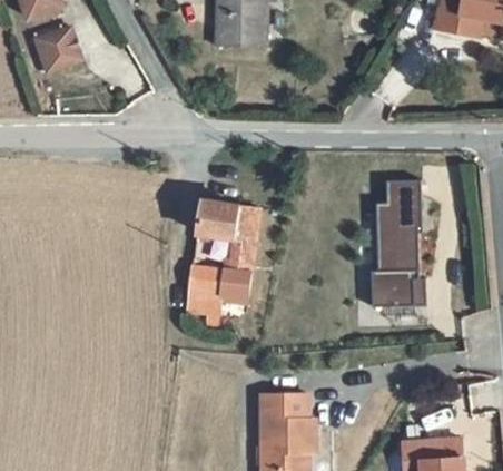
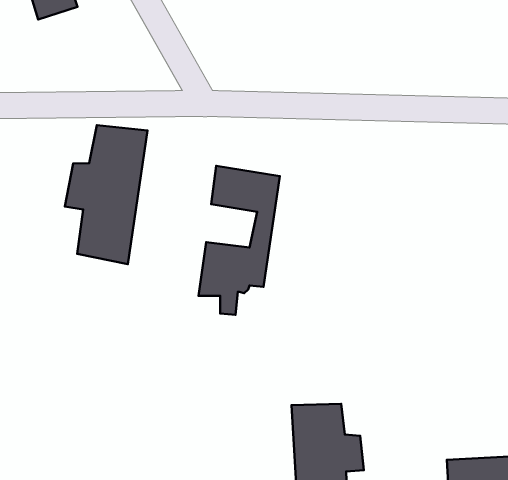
building: none -> [65,125,148,264]
building: [368,188,422,316] -> none

